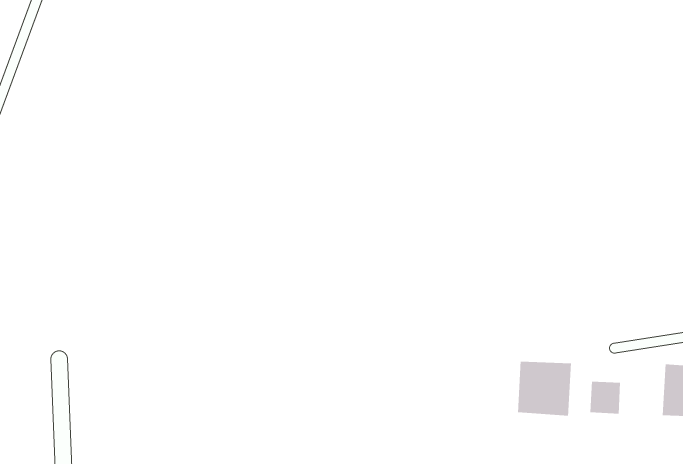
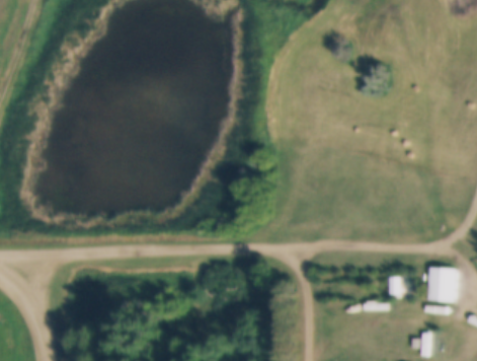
building: [518,361,571,416] -> none

